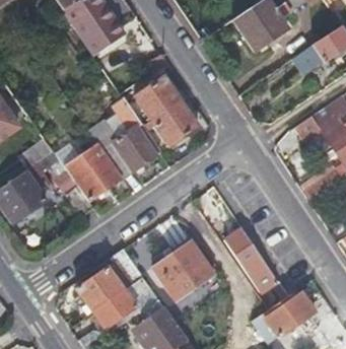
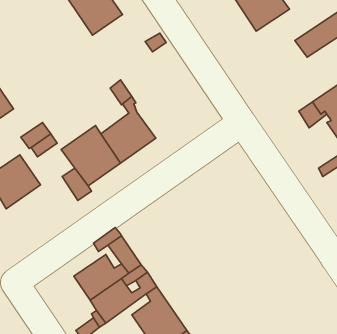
building: [134,74,198,145] -> none
building: [221,224,274,288] -> none
building: [151,239,214,301] -> none
building: [252,293,315,338] -> none

